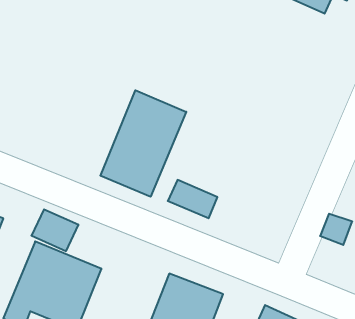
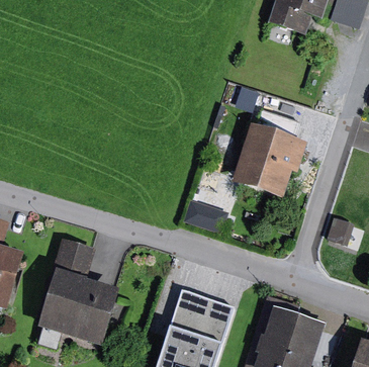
building: [100,90,186,197] -> none
building: none -> [230,122,306,196]

